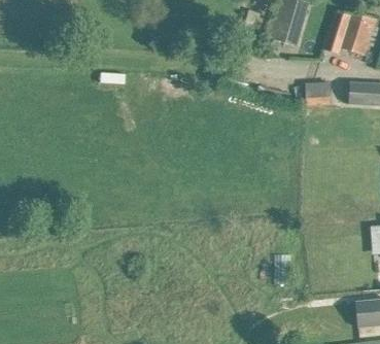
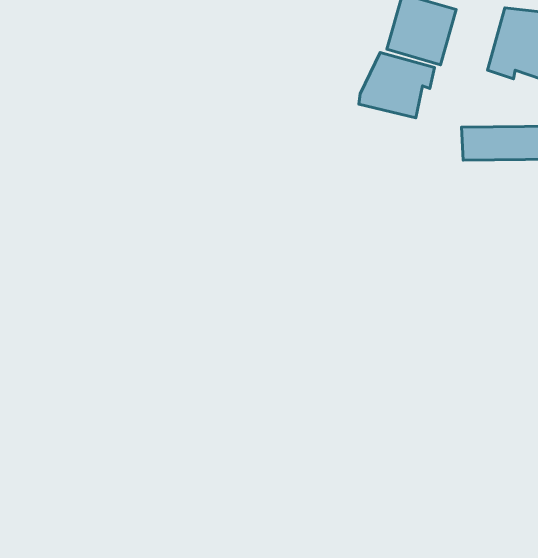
building: none -> [359,52,434,118]

